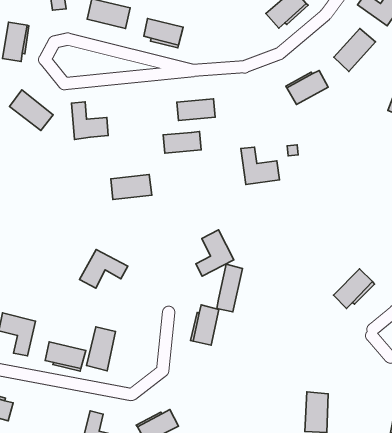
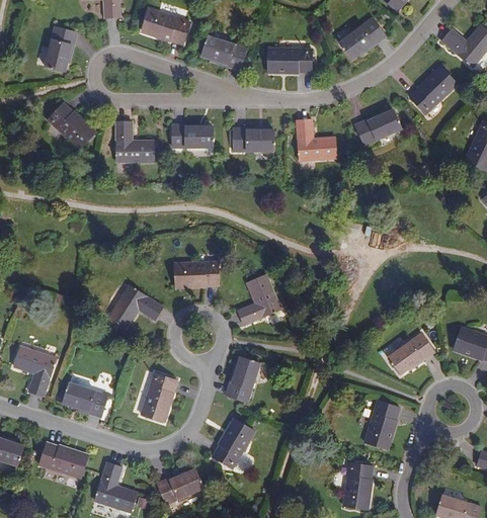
building: none -> [267,48,312,72]
building: [163,132,201,153] -> [172,126,213,147]
building: [241,147,279,185] -> [297,119,336,160]
building: [111,174,152,200] -> [175,262,219,286]
building: [217,264,242,312] -> none
building: [86,327,116,371] -> [141,372,176,422]
building: none -> [363,401,399,449]
building: none -> [213,420,254,468]
building: none -> [39,442,88,478]

